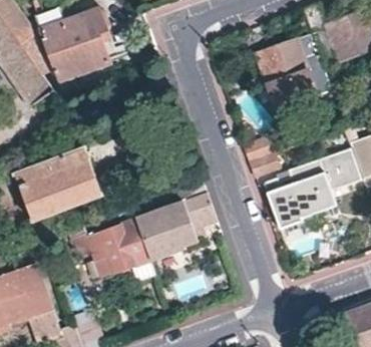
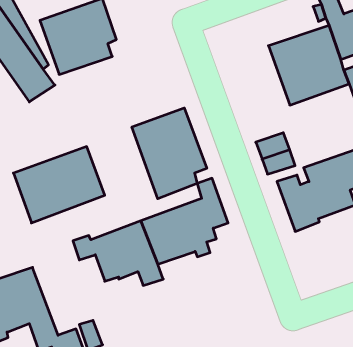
building: none -> [132,108,207,199]

